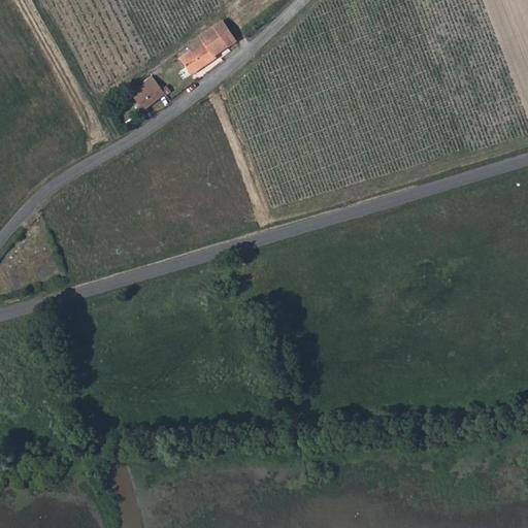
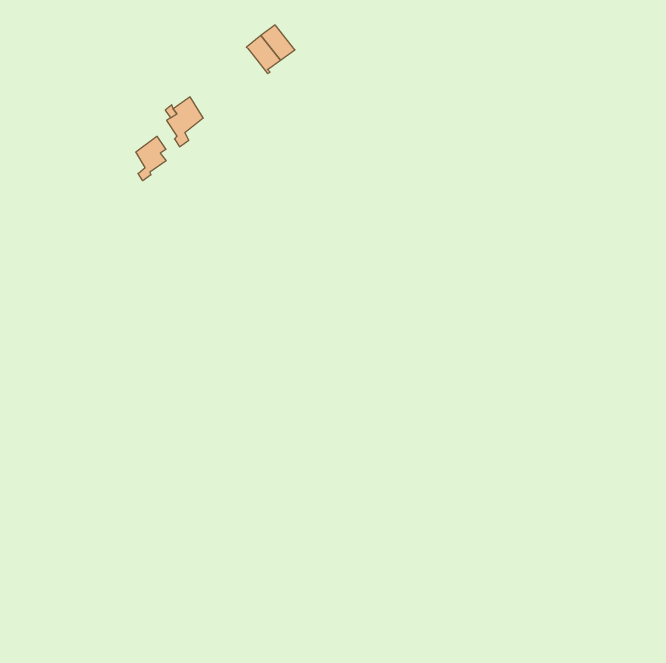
building: [179,43,213,75] -> none
building: none -> [136,136,166,181]

